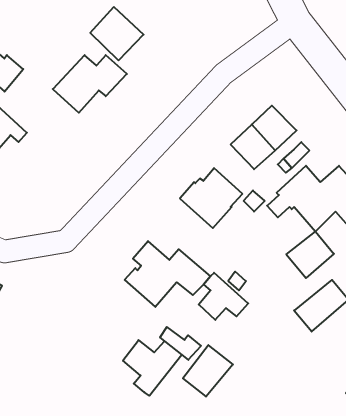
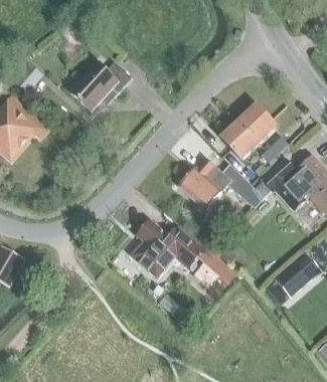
building: [90,7,144,60] -> none
building: [286,232,334,278] -> none
building: [123,340,182,396] -> none
building: [183,345,233,397] -> none

